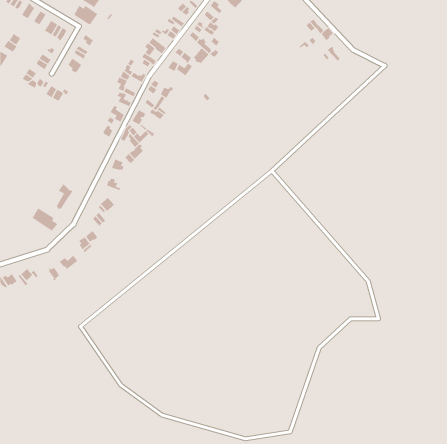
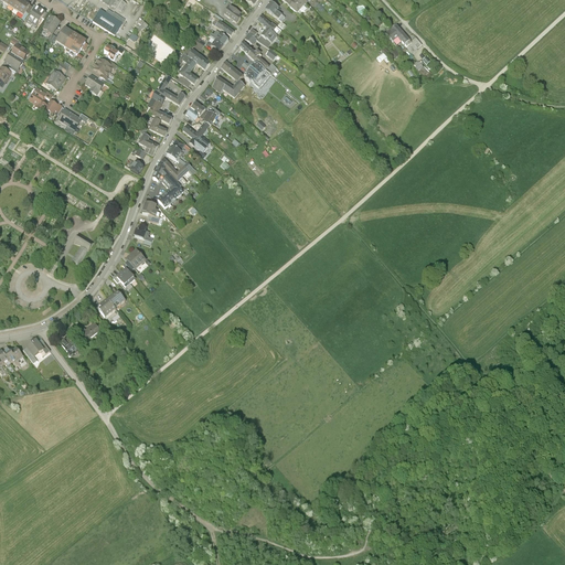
building: [32,208,58,232] -> none

